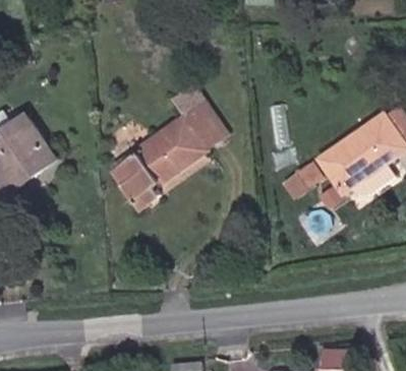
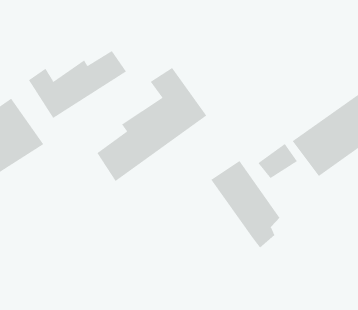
building: none -> [28,50,127,119]
building: none -> [211,160,280,248]

